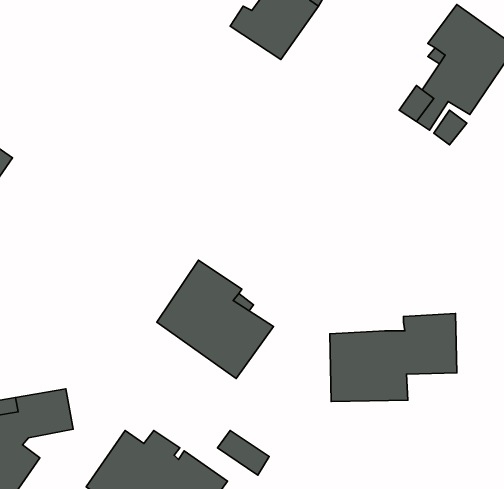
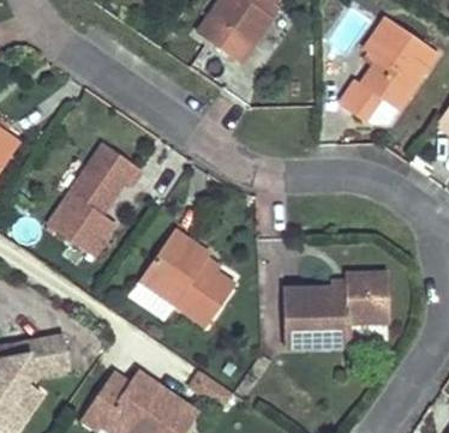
building: none -> [46,143,142,257]

